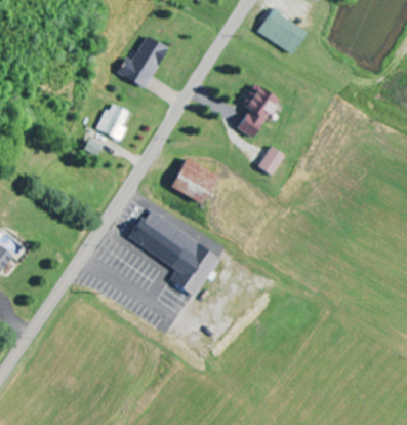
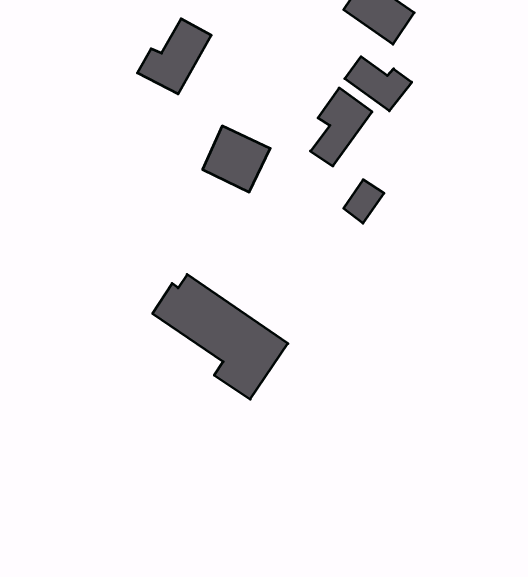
building: none -> [345,57,412,111]
building: [97,103,129,140] -> none
building: [170,158,216,203] -> [203,126,270,192]

